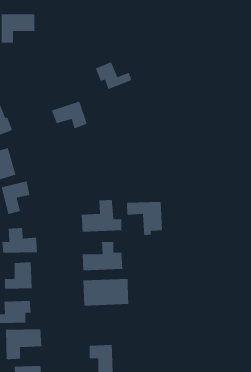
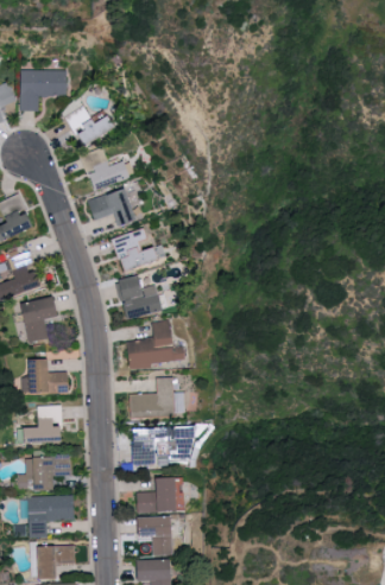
building: none -> [67,104,116,146]
building: [95,61,133,90] -> [78,146,130,185]
building: none -> [112,228,168,272]
building: none -> [120,274,164,319]
building: [126,201,163,236] -> none
building: none -> [137,477,181,513]

